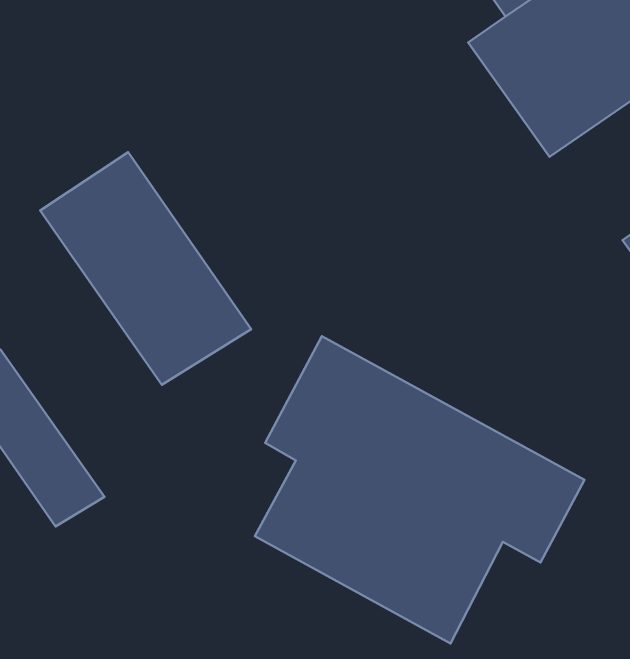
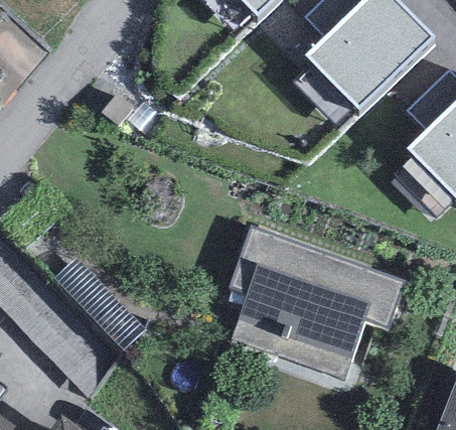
building: [40,152,251,385] -> none

